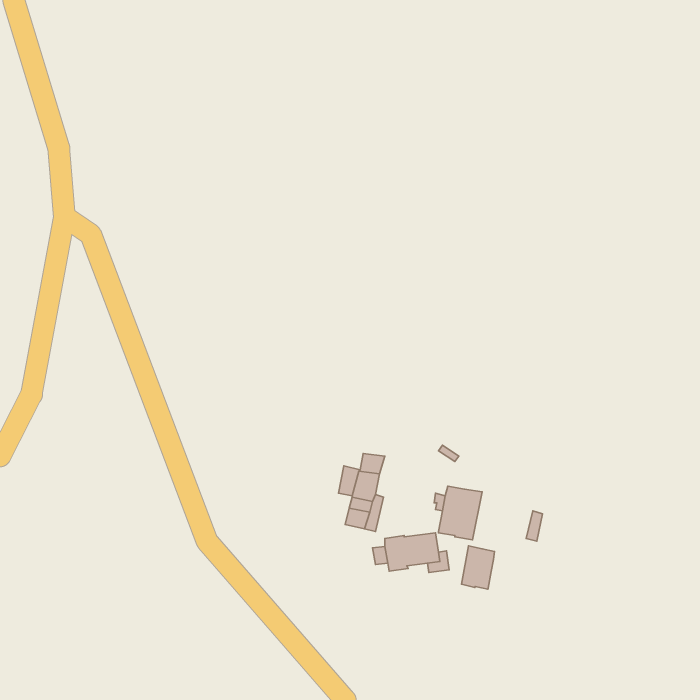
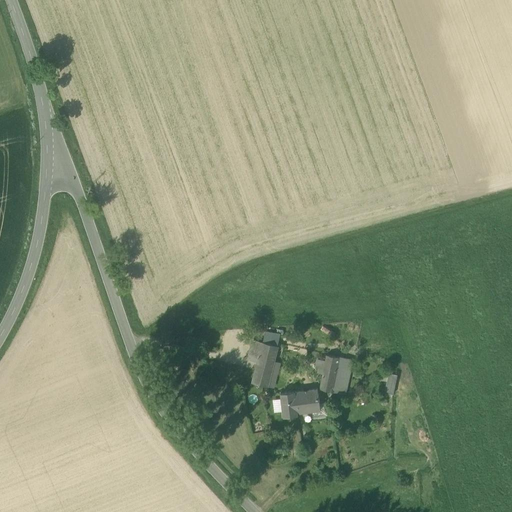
building: [461,546,494,589] -> none

